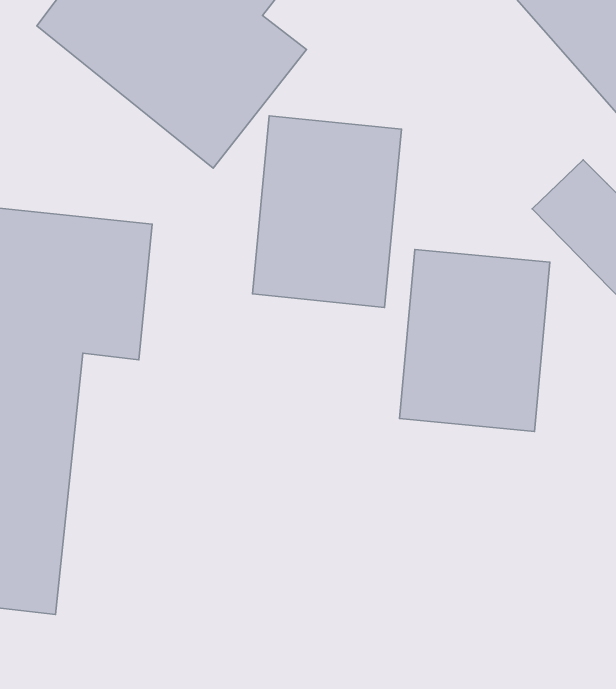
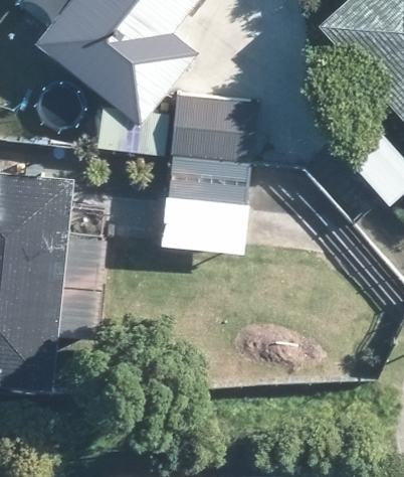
building: [399,249,550,431] -> none

